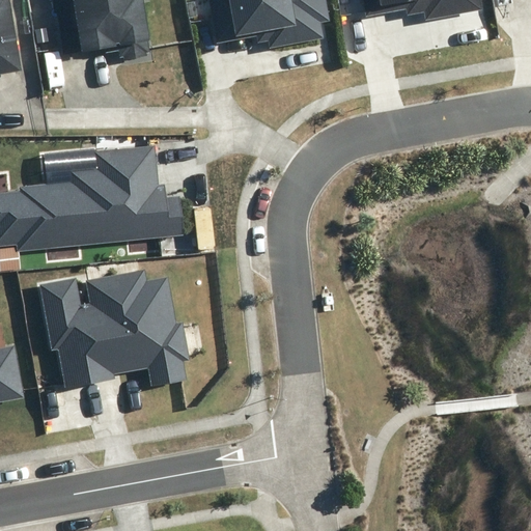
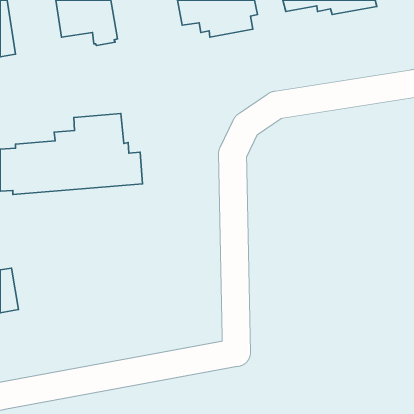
building: [38,269,190,387] -> none

